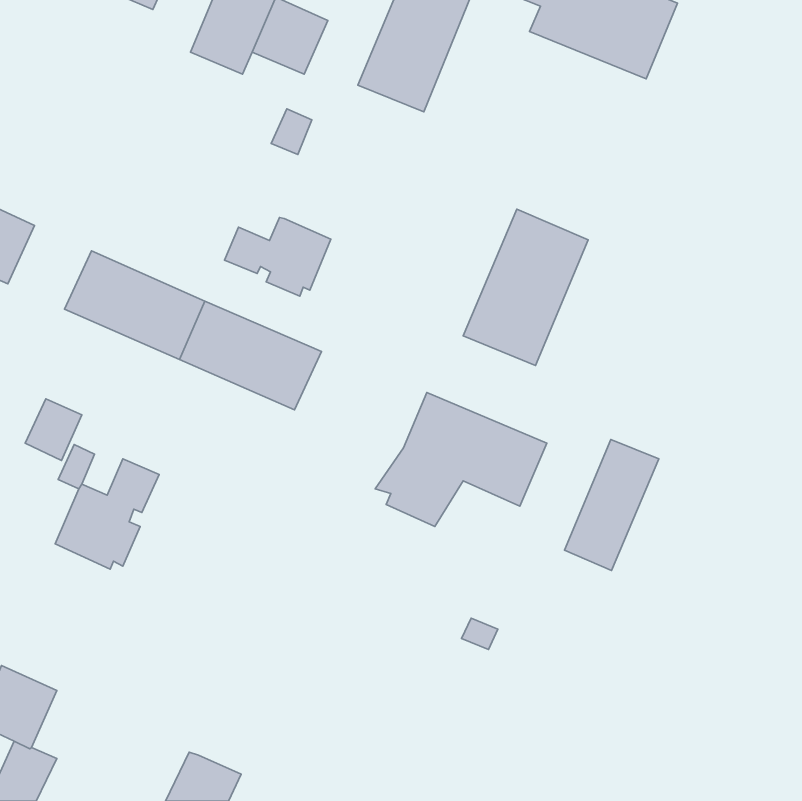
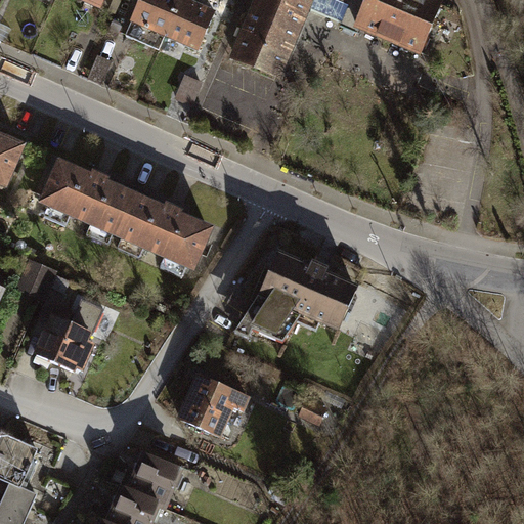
building: [463,209,588,365] -> none
building: [224,218,331,296] -> none
building: [565,440,659,570] -> none
building: none -> [180,376,246,434]
building: none -> [129,453,178,505]

